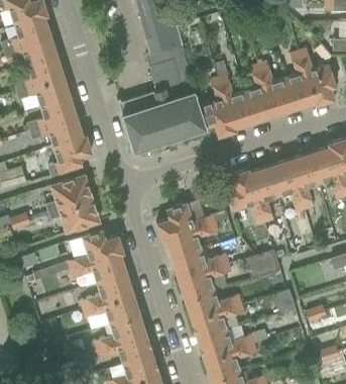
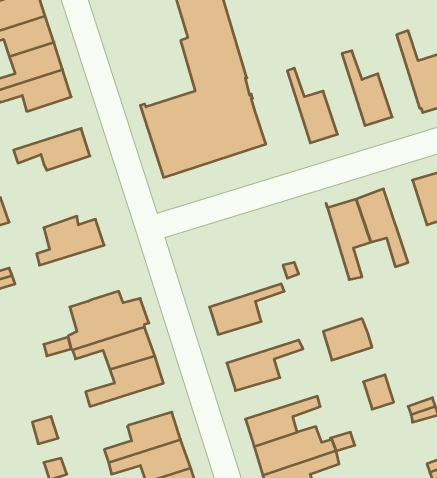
building: [284,51,314,108] -> none
building: [246,64,275,120] -> none
building: [199,76,237,136] -> none
building: [27,94,77,131] -> none
building: [47,134,92,176] -> none
building: [289,153,319,210] -> none
building: [226,169,264,225] -> none
building: [47,198,99,233] -> none
building: [157,203,217,242] -> none
building: [172,252,229,281] -> none
building: [185,291,242,320] -> none
building: [83,295,140,329] -> none

